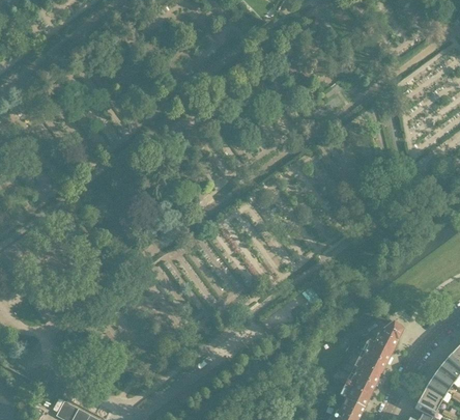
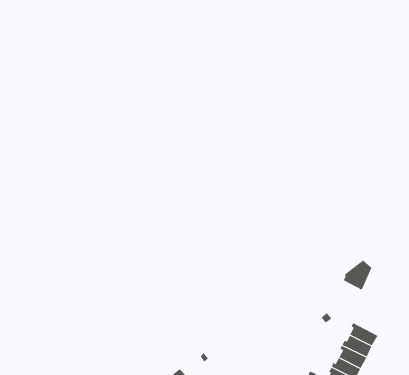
building: [374,320,404,352] -> [343,260,372,291]

